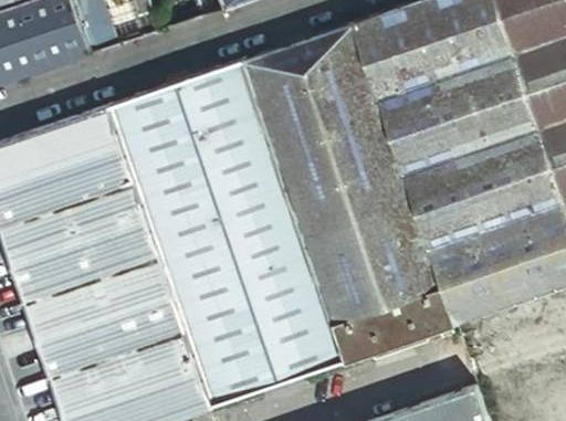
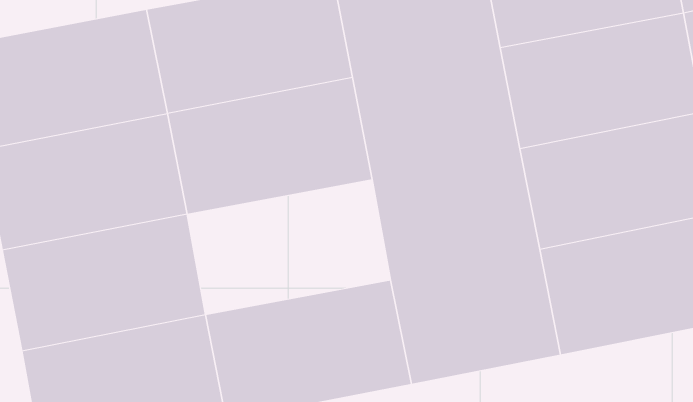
building: [164,209,324,328] -> none

